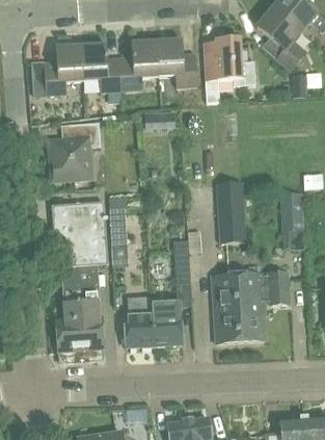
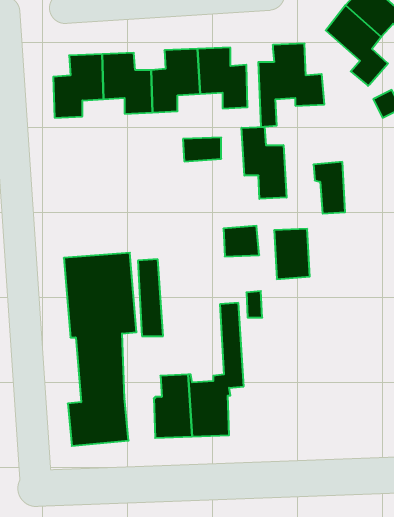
building: none -> [242,127,287,199]
building: [49,121,101,179] -> none
building: [279,190,304,231] -> [313,162,345,214]
building: [218,218,246,242] -> [223,226,259,256]
building: [213,273,289,341] -> none

